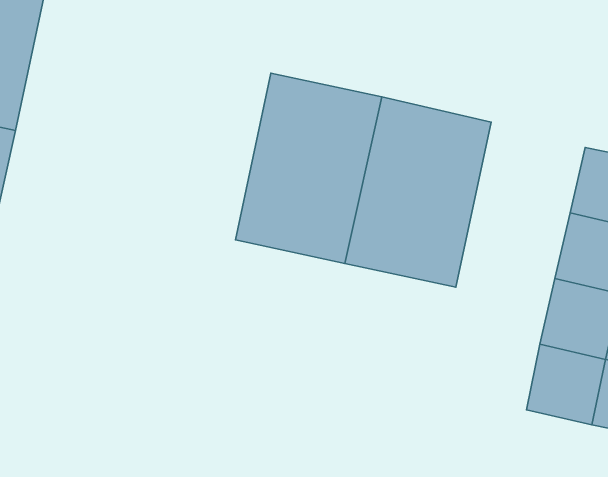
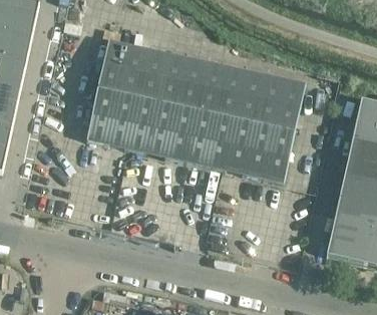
building: none -> [86,39,173,152]

